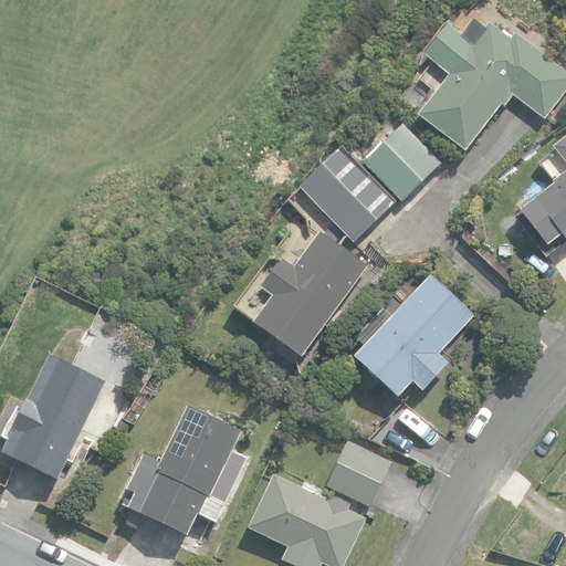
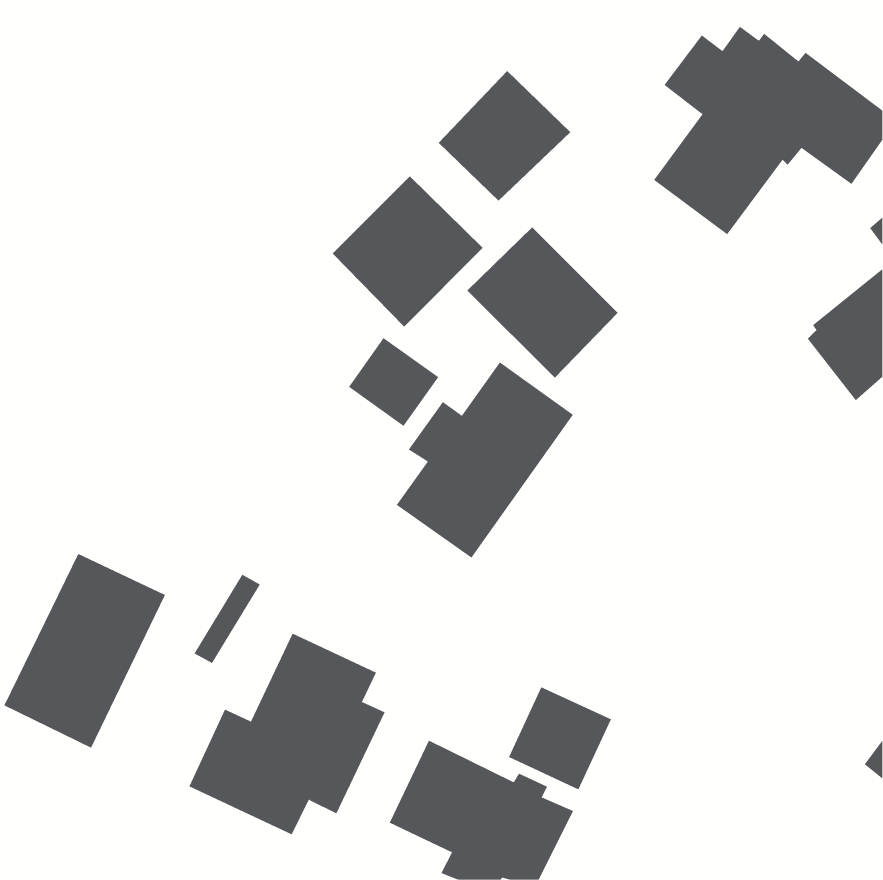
building: none -> [332,176,484,327]
building: [363,116,448,200] -> [438,70,571,201]
building: none -> [348,337,439,427]
building: [354,269,474,396] -> none

